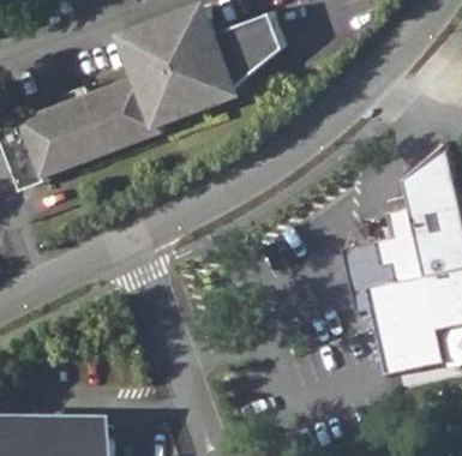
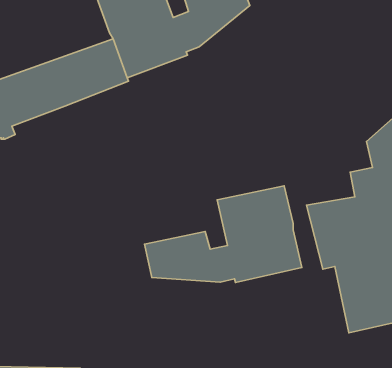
building: none -> [145,186,302,282]

